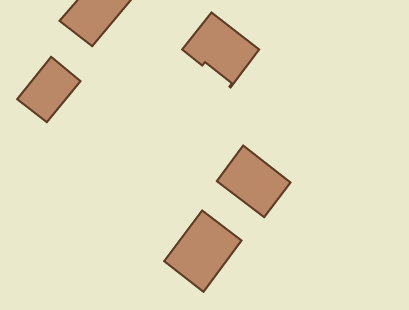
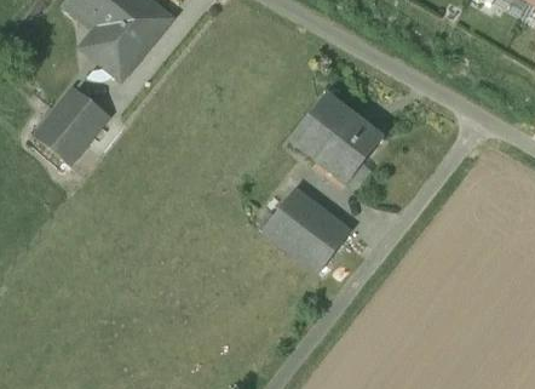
building: [182,13,259,88] -> [290,97,379,183]
building: [164,211,242,292] -> none

